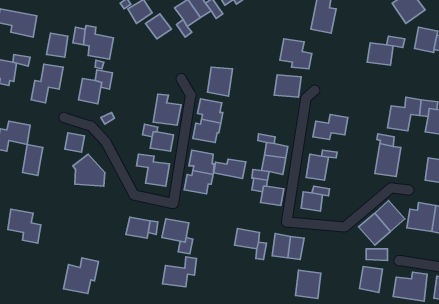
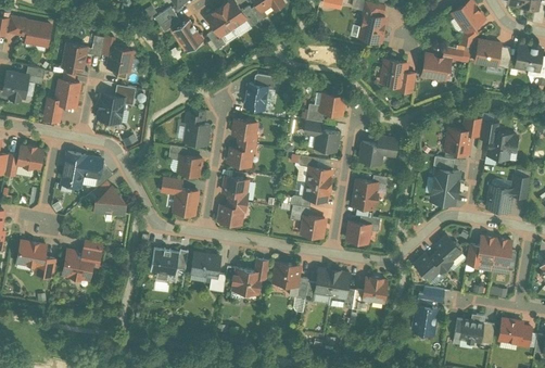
building: [280,39,312,69] -> [381,59,417,92]
building: none -> [304,120,337,152]
building: [22,144,43,175] -> [63,153,86,188]
building: [214,159,246,178] -> none
building: [162,257,196,287] -> [231,259,269,293]
building: [64,258,98,294] -> [62,242,101,282]
building: [296,270,321,298] -> [359,275,388,306]

